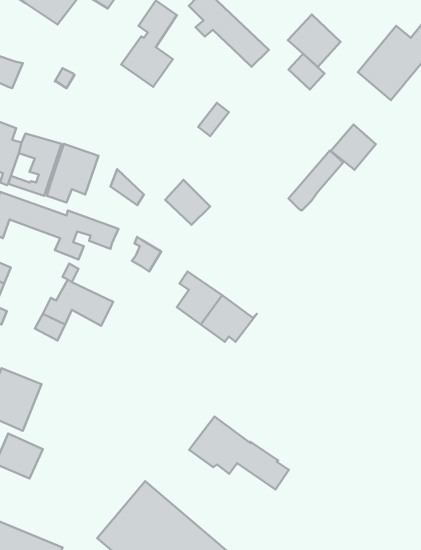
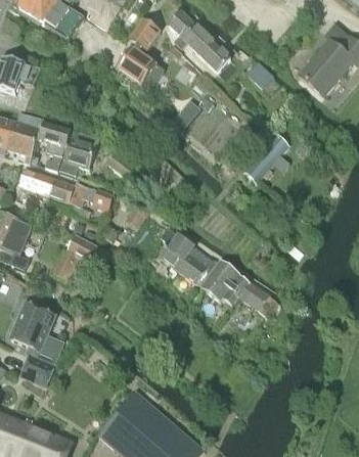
building: [288,15,341,67] -> none
building: [331,124,376,170] -> none
building: [189,417,289,490] -> [201,261,278,317]

